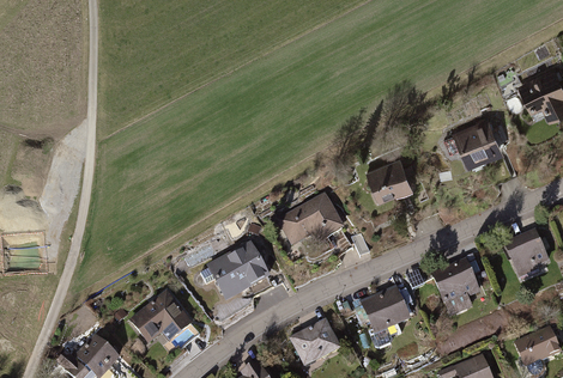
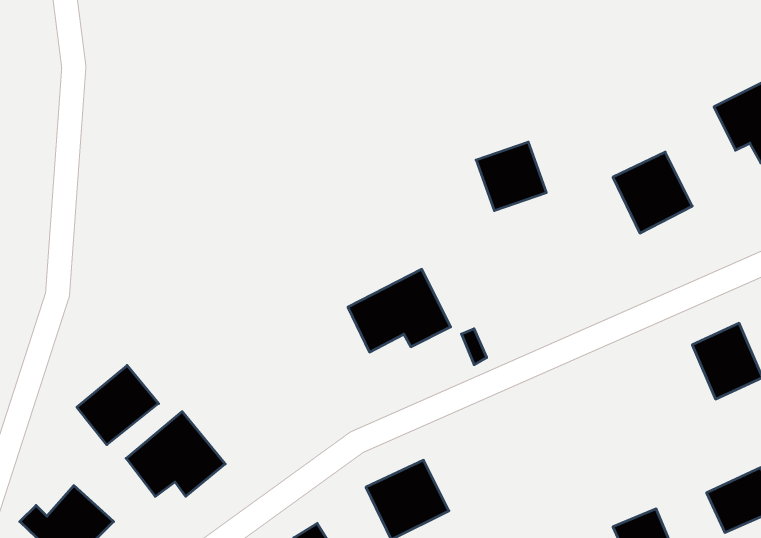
building: [368,158,414,203] -> [476,142,546,211]
building: [208,242,271,300] -> none
building: none -> [77,365,159,445]
building: [431,260,482,305] -> none
building: [362,286,413,337] -> none

